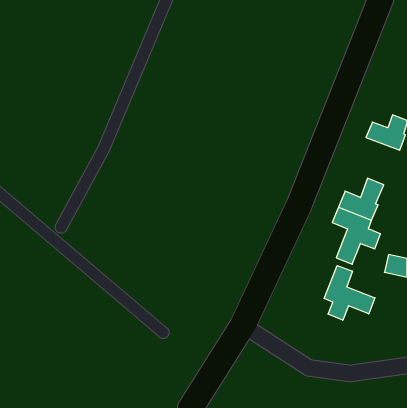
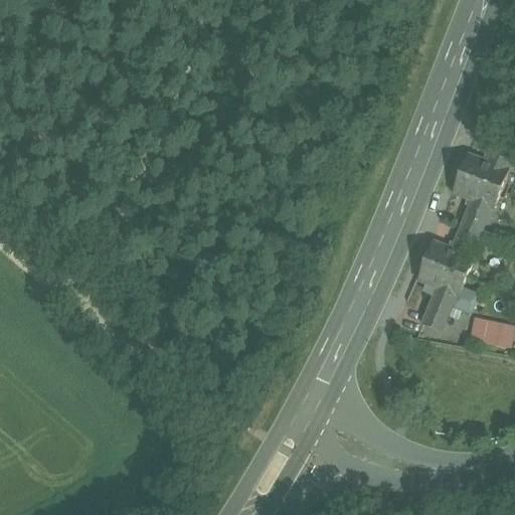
building: none -> [451,172,500,231]
building: [324,266,375,320] -> none

